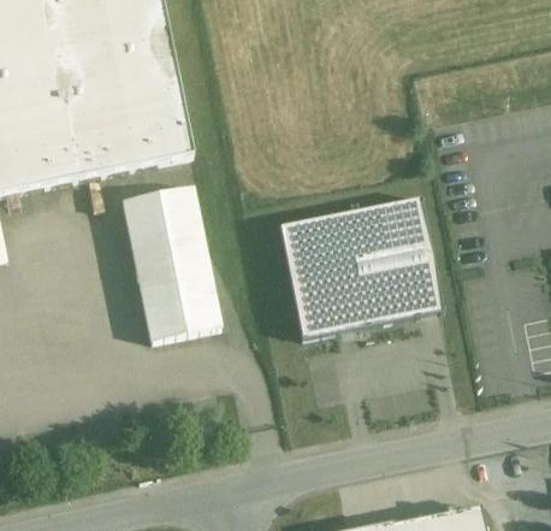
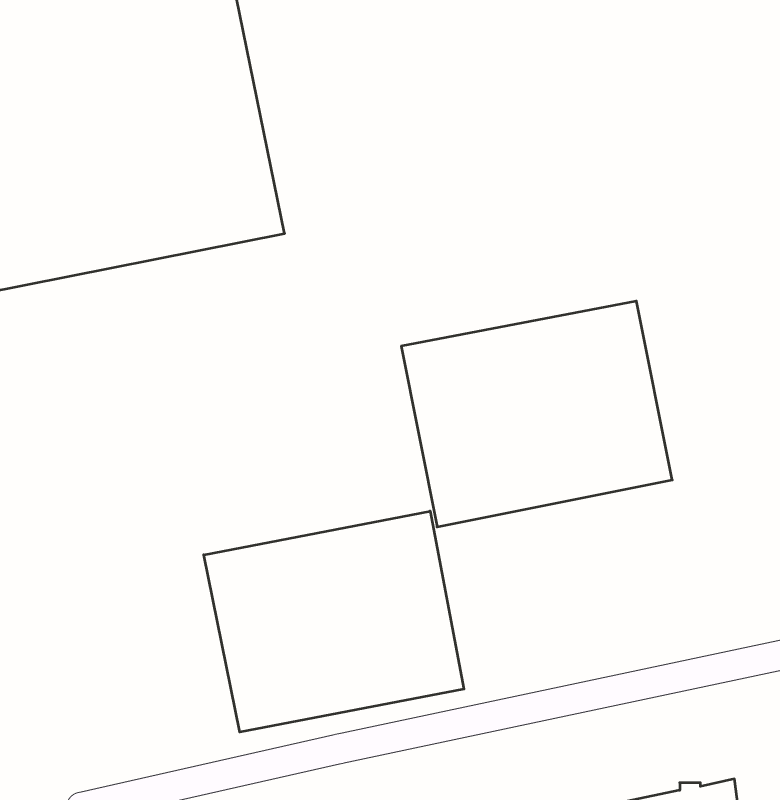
building: [123,189,218,340] -> none
building: none -> [204,511,464,732]

